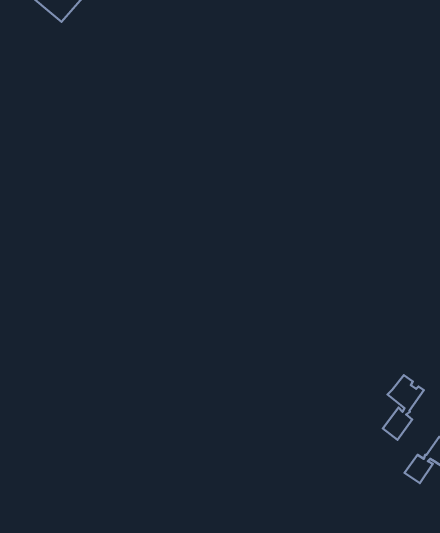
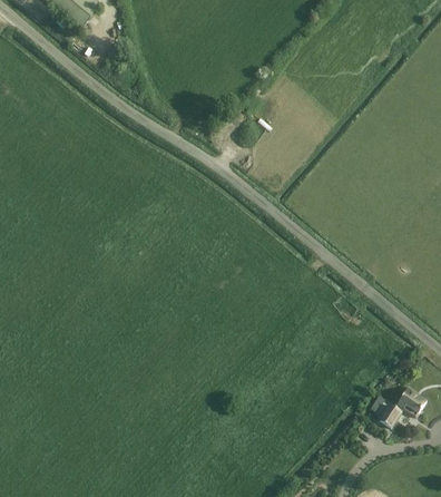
building: [383,375,424,440] -> none

